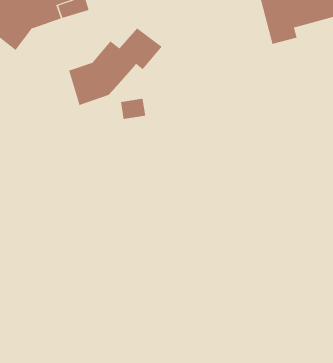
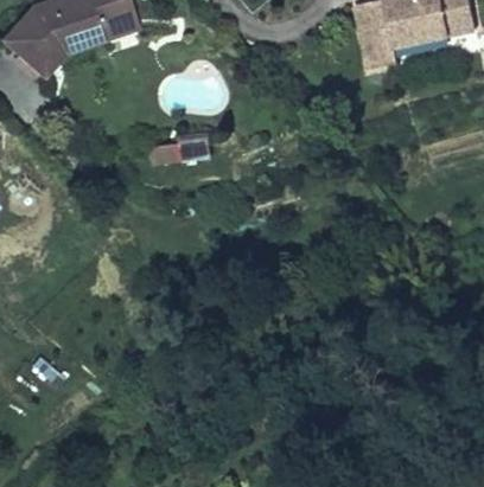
building: [68,28,162,106] -> none

